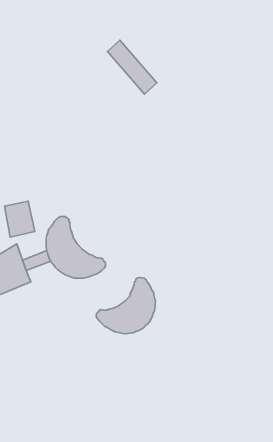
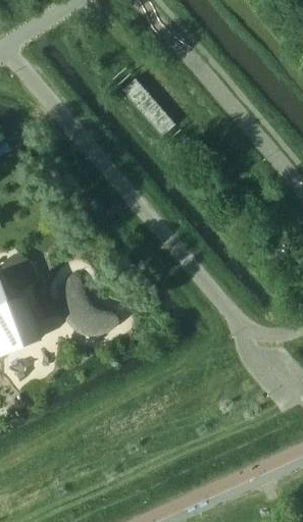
building: [96,277,155,334] -> none

